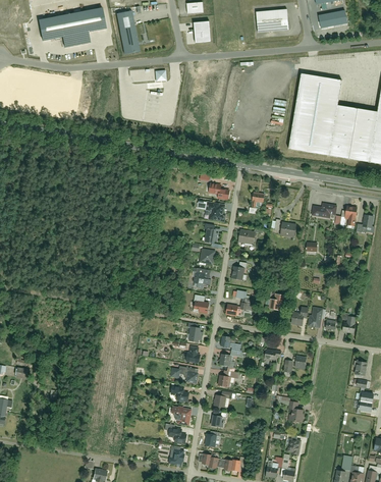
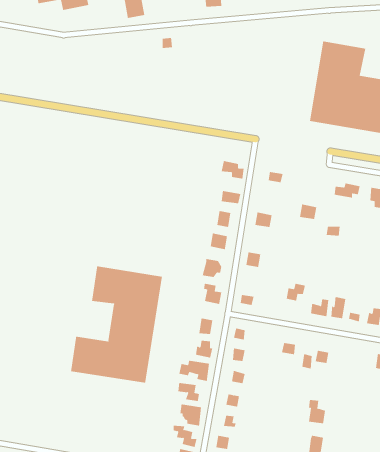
building: none -> [71,265,162,384]

